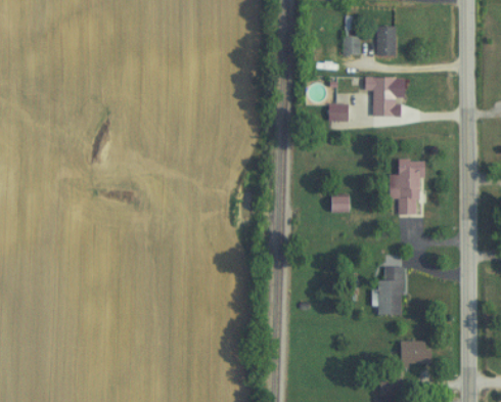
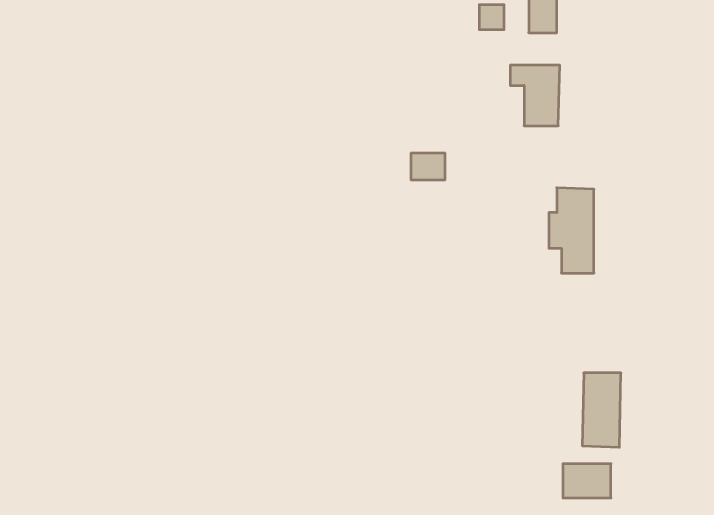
building: [327,104,350,122] -> [411,153,445,180]
building: [329,194,352,212] -> none
building: [378,266,404,315] -> [582,373,621,447]

